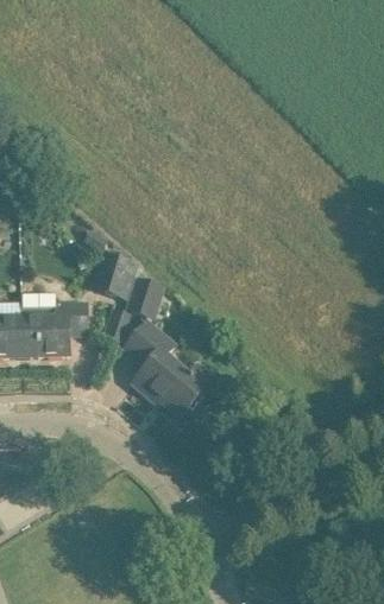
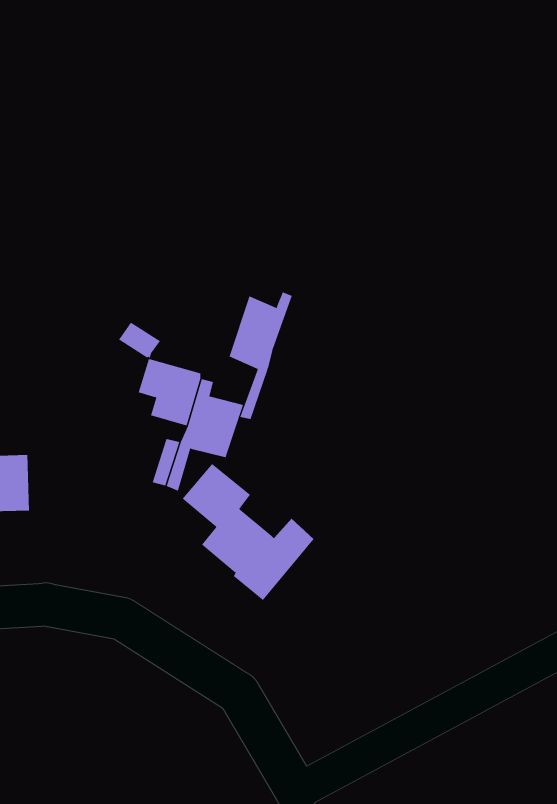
building: none -> [229,292,293,420]
building: [21,292,86,356] -> none

